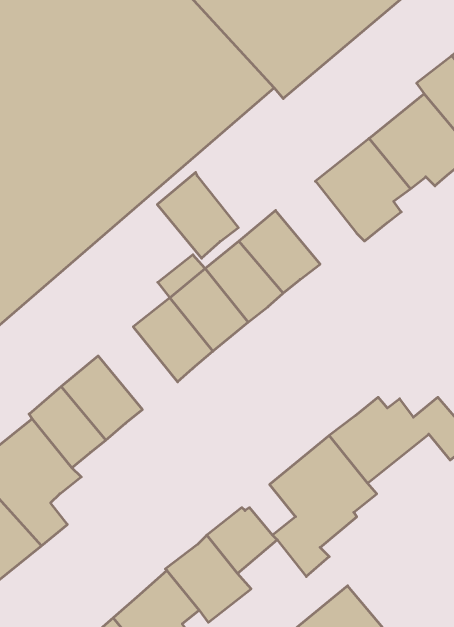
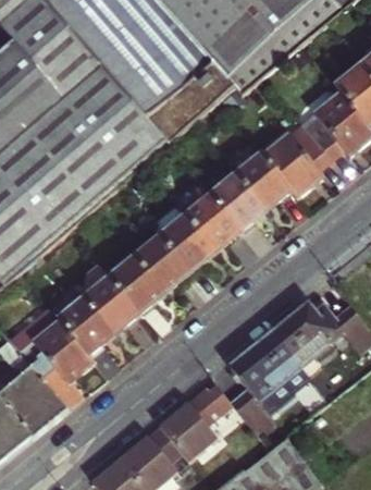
building: [157,172,238,258] -> [233,148,290,209]
building: none -> [107,254,163,313]

